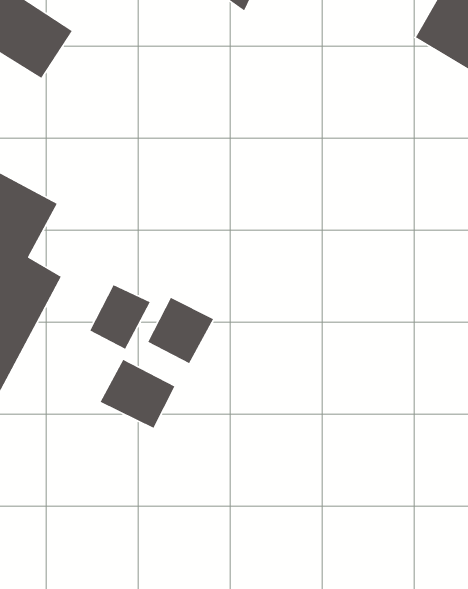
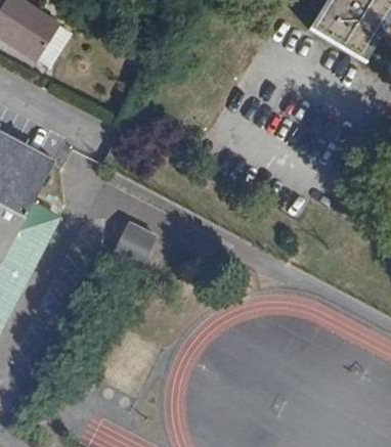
building: [89,284,151,350] -> none
building: [100,359,176,429] -> none

